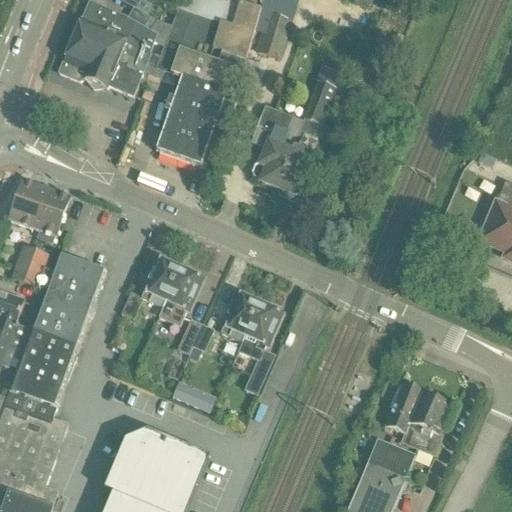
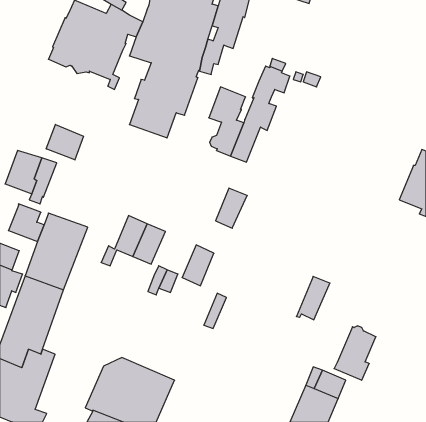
building: none -> [46,124,83,160]
building: [240,303,278,351] -> [216,188,247,228]
building: [171,380,216,413] -> none
building: [383,381,423,433] -> [296,276,330,320]

